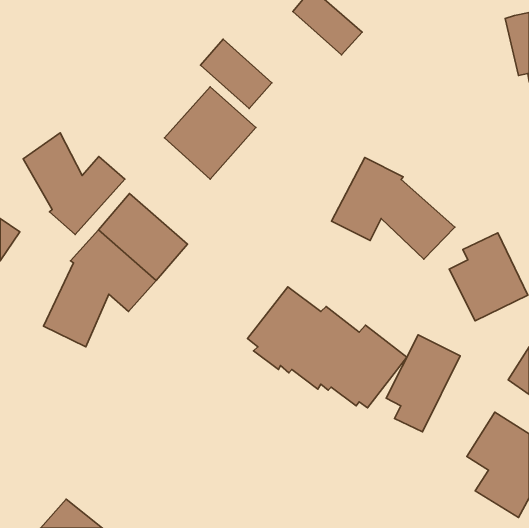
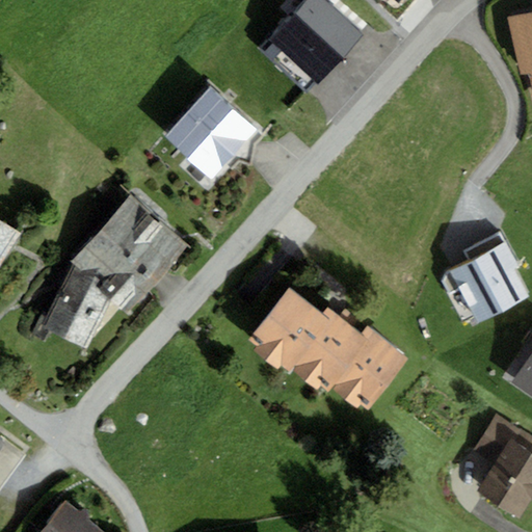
building: [200,39,272,109] -> [271,11,343,81]
building: [23,133,125,234] -> none
building: [332,157,455,259] -> none
building: [386,335,460,432] -> none

